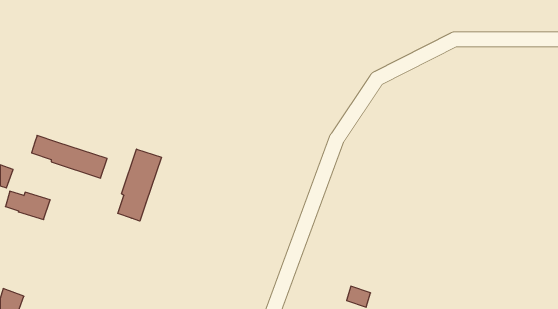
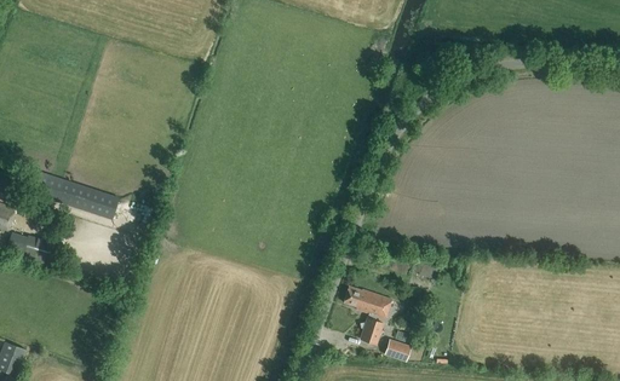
building: [118,149,161,221] -> none
building: none -> [344,287,392,344]

